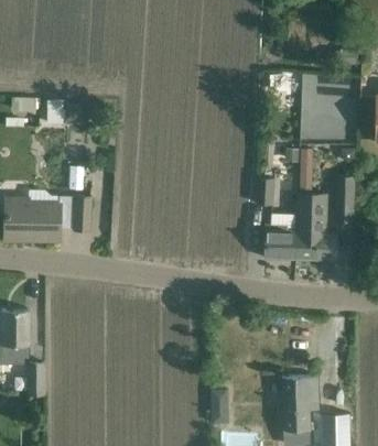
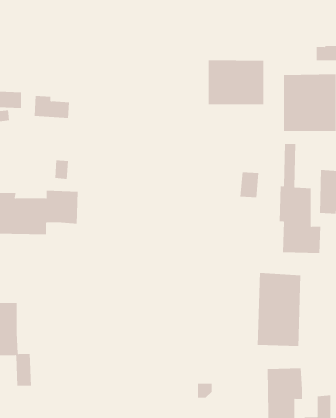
building: none -> [208,59,264,105]
building: [264,227,299,259] -> none
building: none -> [257,272,301,347]

